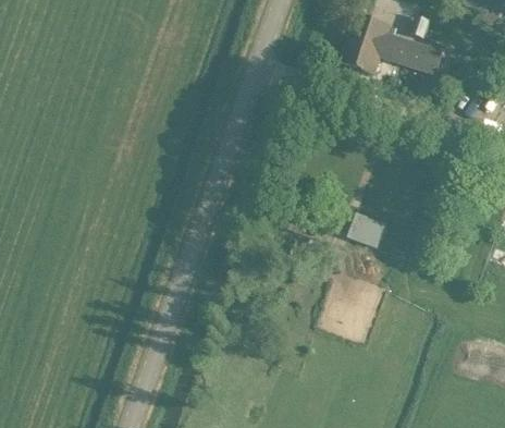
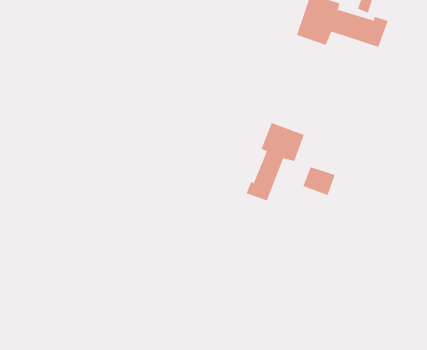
building: none -> [246,122,305,201]

